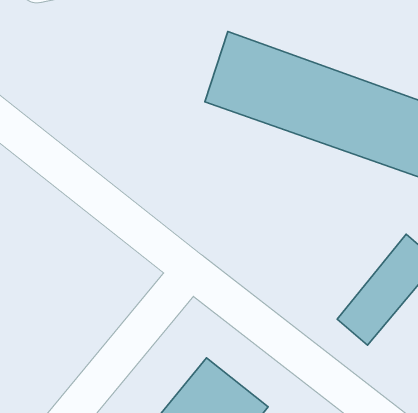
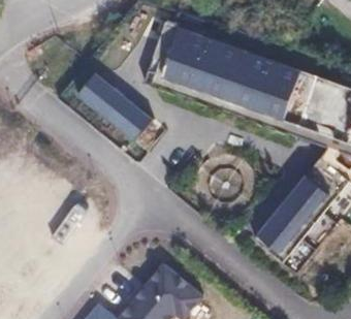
building: none -> [79,72,156,145]

